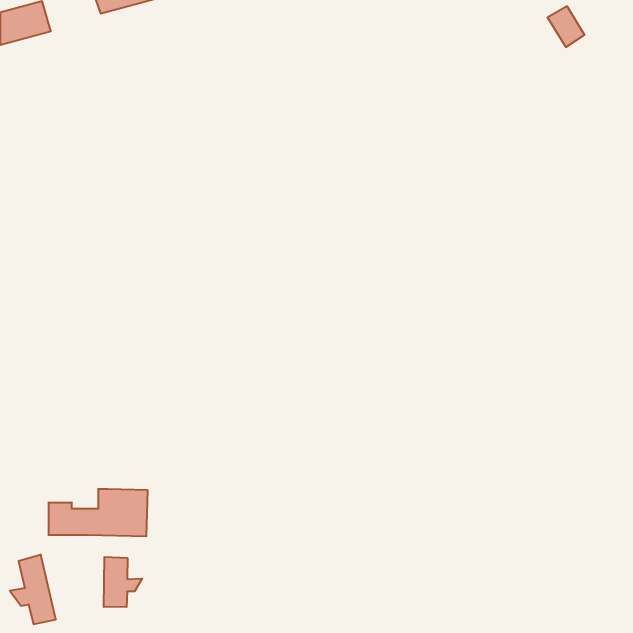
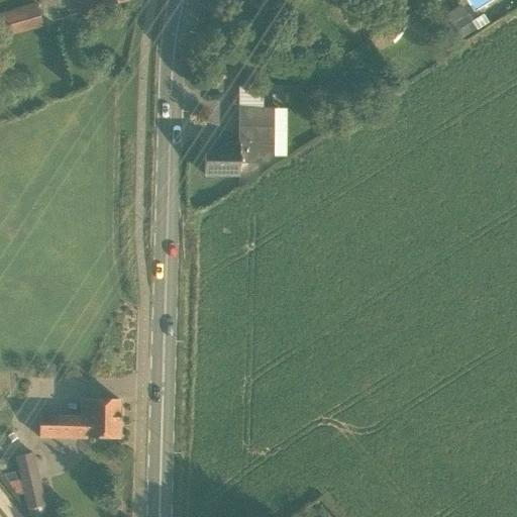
building: none -> [205,107,274,174]
building: [104,557,142,607] -> none

